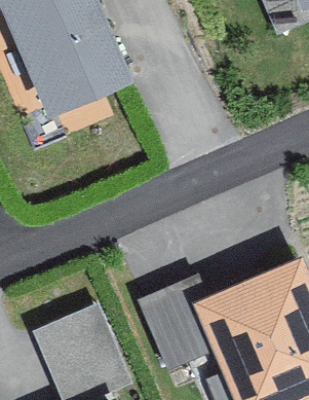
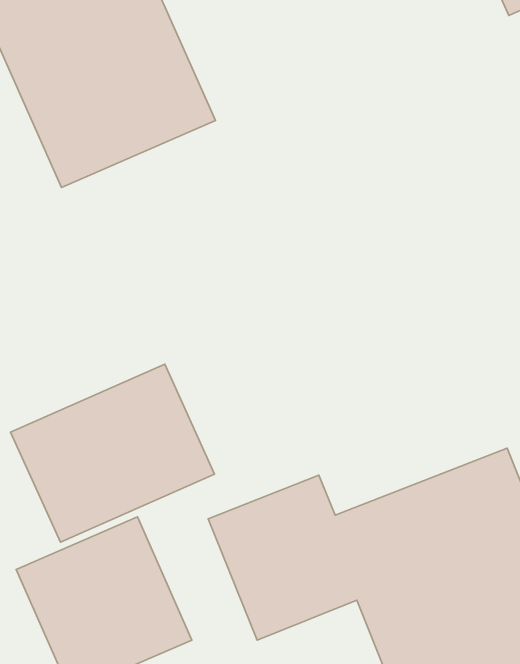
building: none -> [11,364,215,542]

